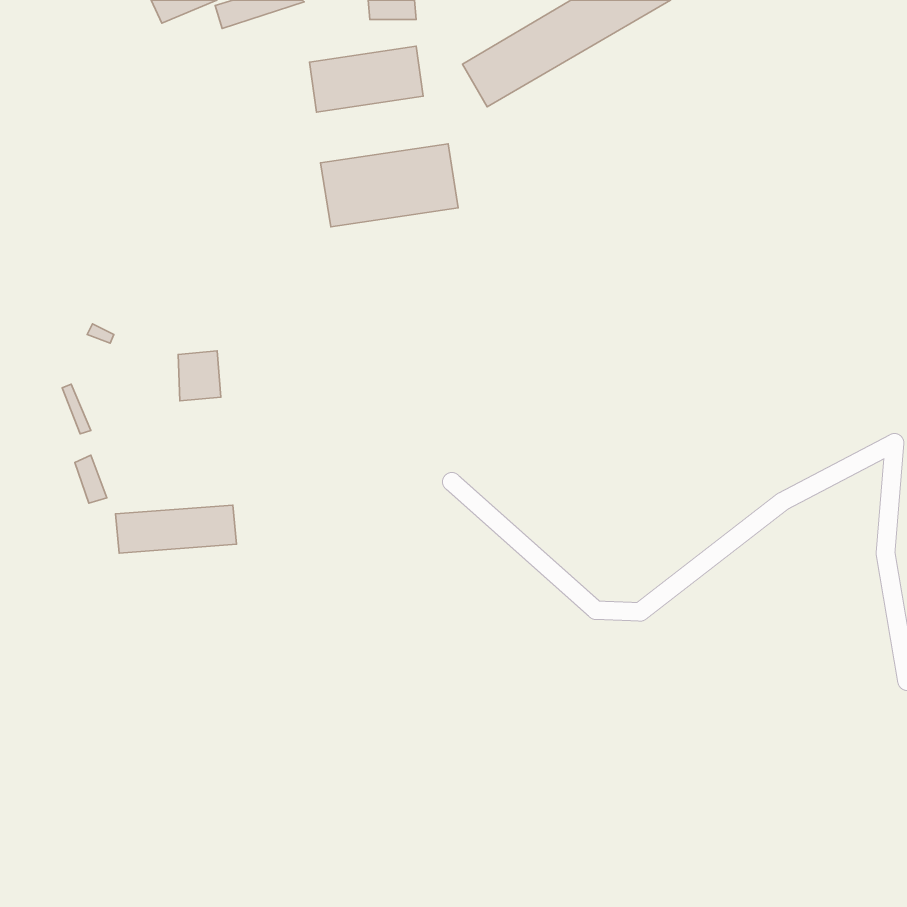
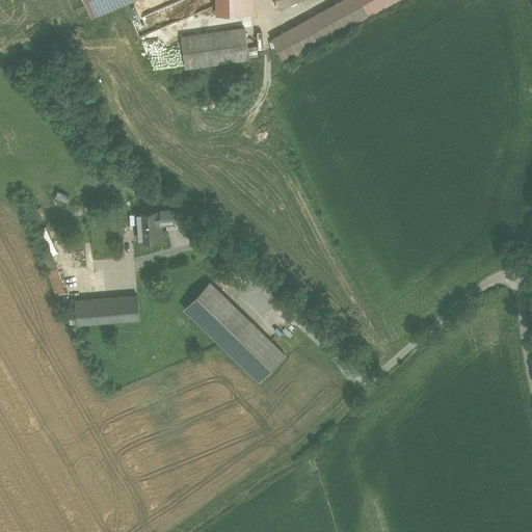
building: [321,144,458,227] -> none
building: [178,351,221,401] -> [136,211,161,240]
building: none -> [183,282,284,381]

